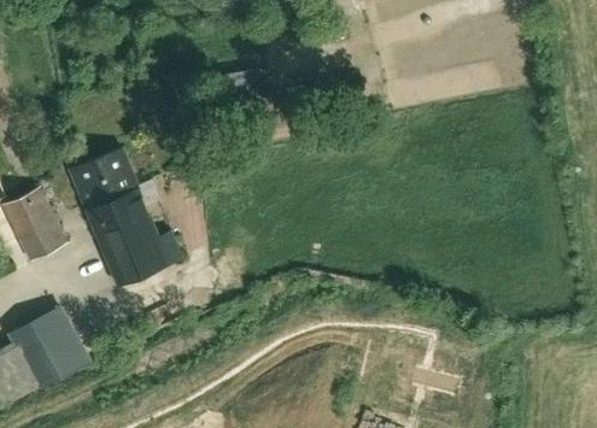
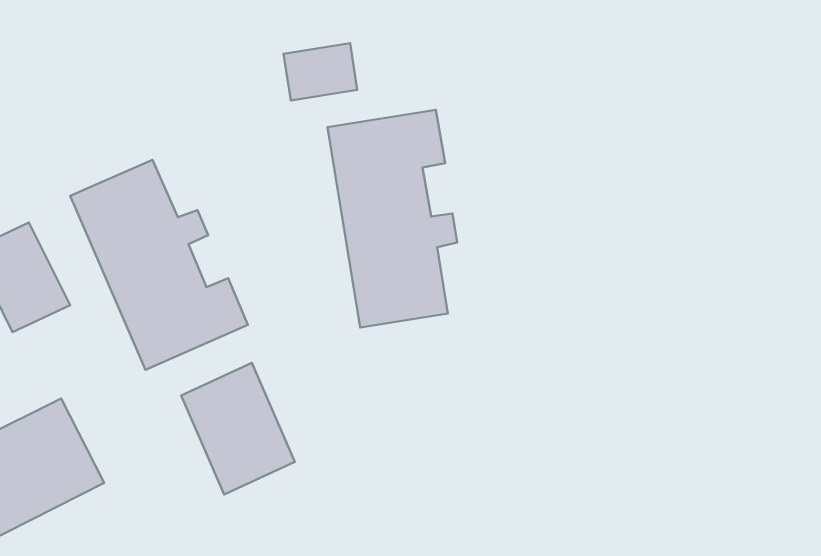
building: none -> [327,110,457,328]
building: none -> [181,363,295,495]

